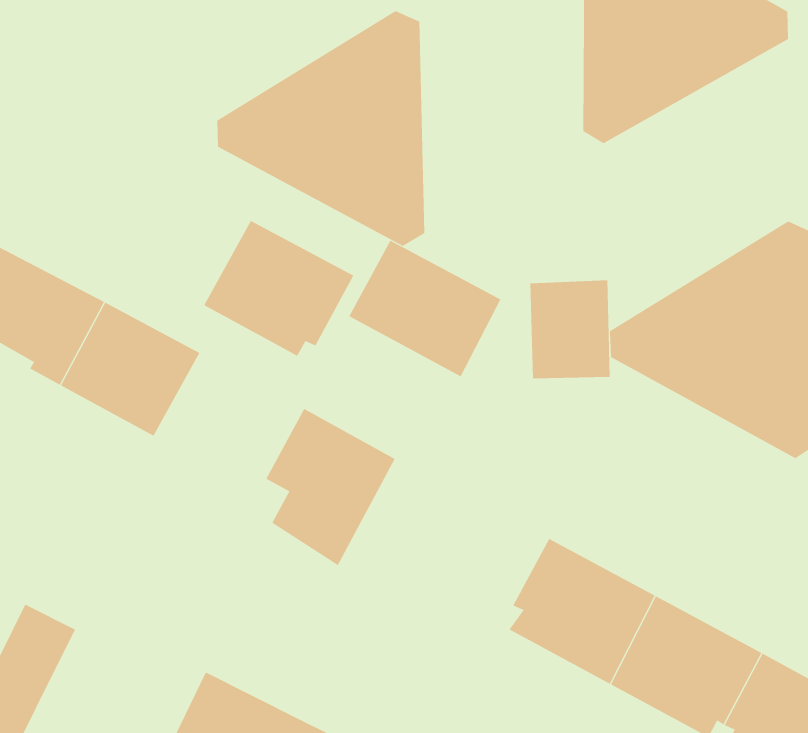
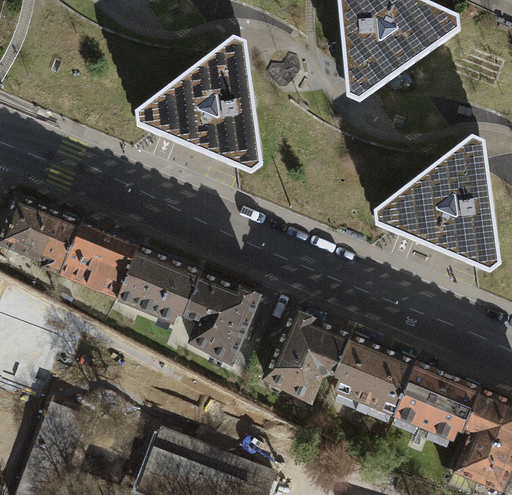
building: [204,220,354,357] -> [116,247,201,323]
building: [349,240,501,377] -> none
building: [530,280,610,379] -> none
building: none -> [264,311,350,400]

